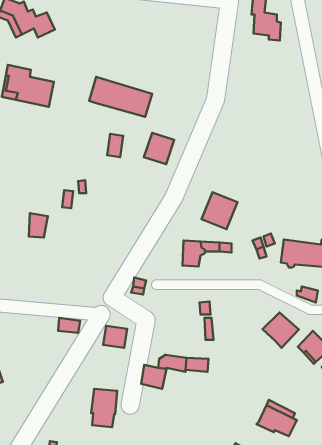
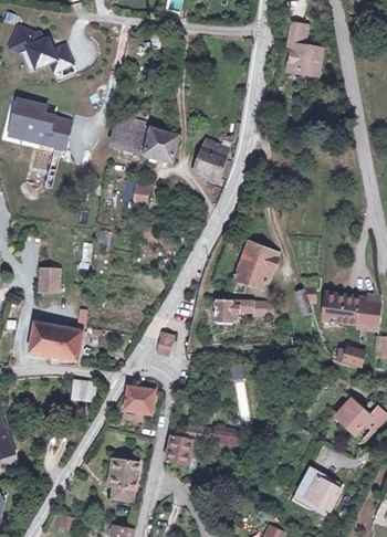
building: [144,133,174,164] -> [187,143,220,177]
building: none -> [32,316,88,359]
building: [262,313,299,348] -> none

